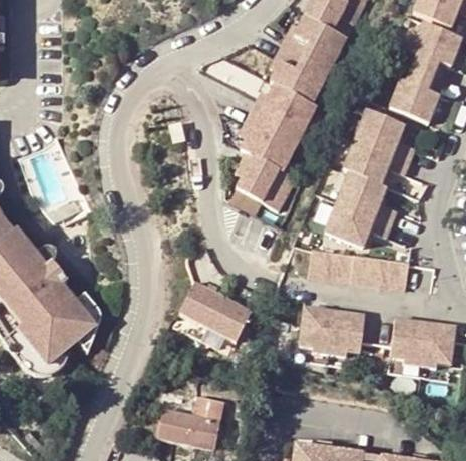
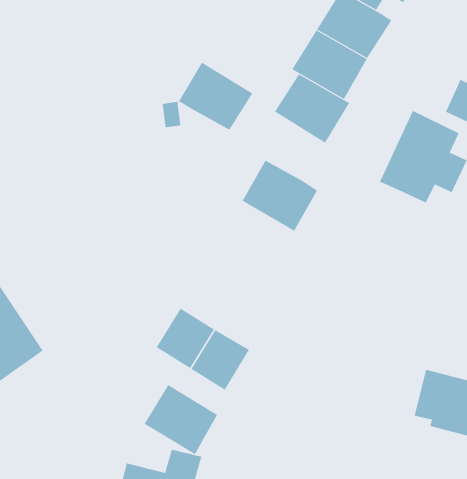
building: [242,120,301,173] -> [178,62,253,131]
building: [331,171,400,246] -> none
building: [302,244,403,286] -> none
building: [291,300,359,351] -> none
building: none -> [144,384,218,455]

